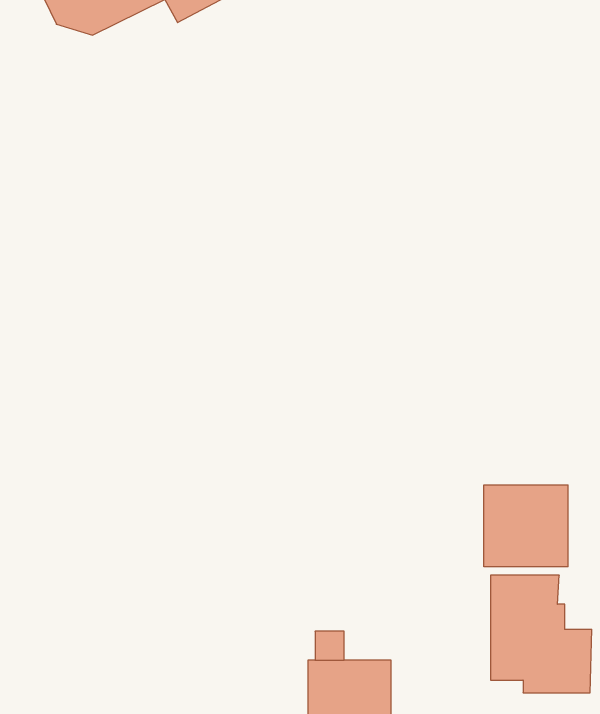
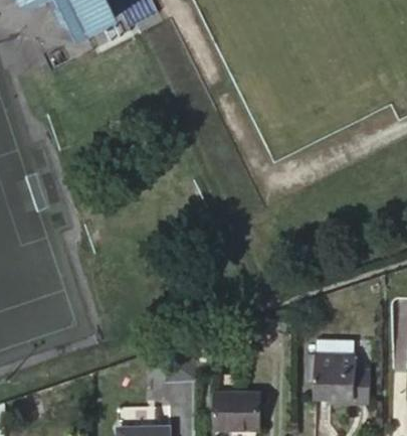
building: [484,485,568,567] -> none

